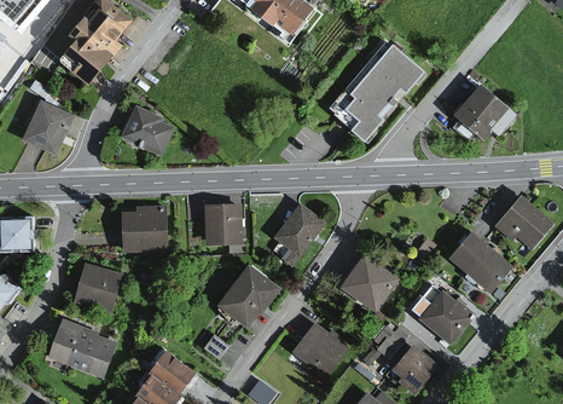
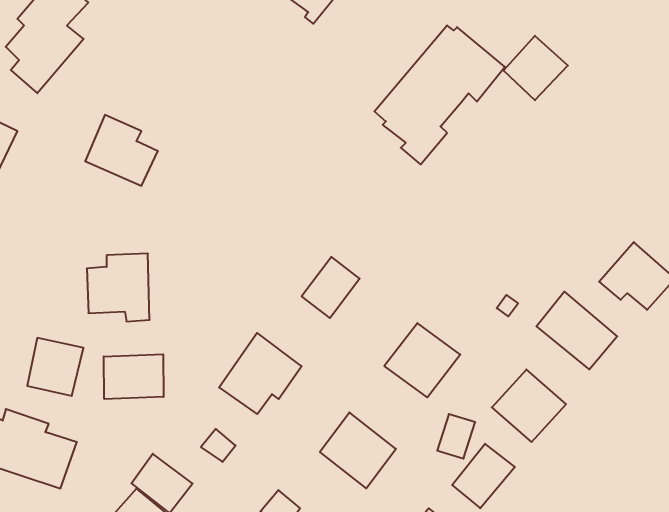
building: [457,90,504,137] -> [503,36,568,100]
building: [204,204,240,246] -> none
building: none -> [104,354,164,399]

